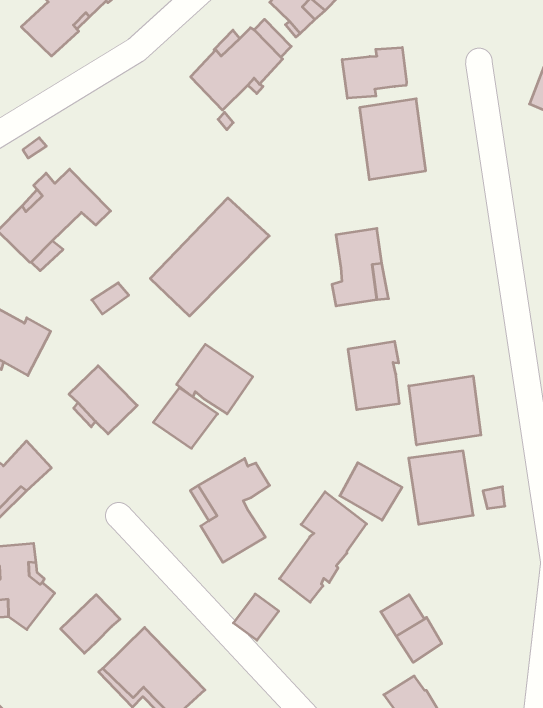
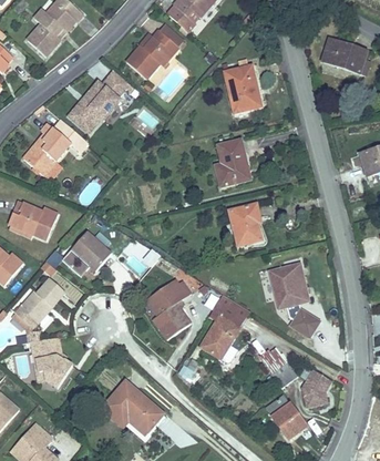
building: [342,47,407,98] -> none
building: [150,198,269,316] -> [66,66,133,136]
building: [177,344,253,414] -> none
building: [409,376,481,445] -> none
building: [340,463,402,520] -> [286,307,321,339]
building: [61,595,120,653] -> none
building: none -> [301,369,331,407]

